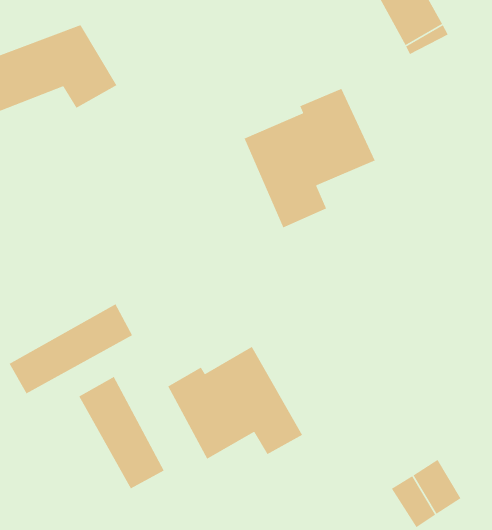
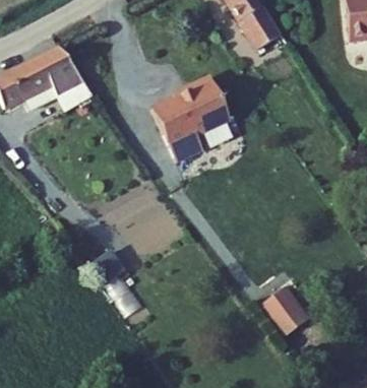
building: [8,303,133,395] -> none
building: [167,346,303,460] -> none

